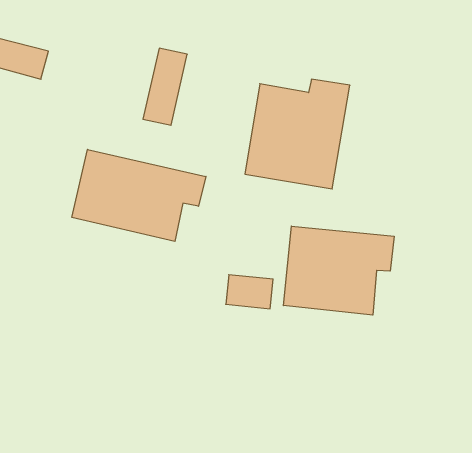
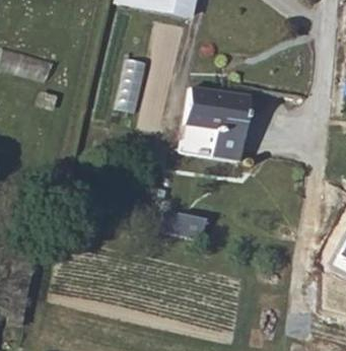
building: [72,149,206,241] -> none
building: [283,226,394,315] -> none

